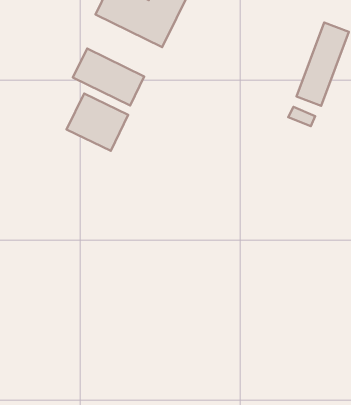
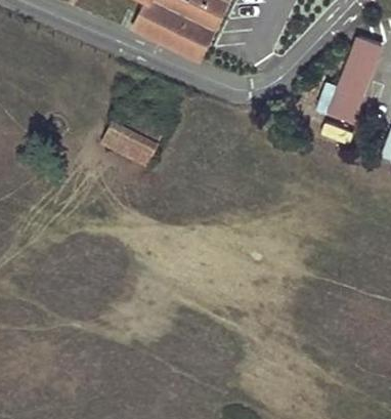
building: [73,49,144,105] -> none

